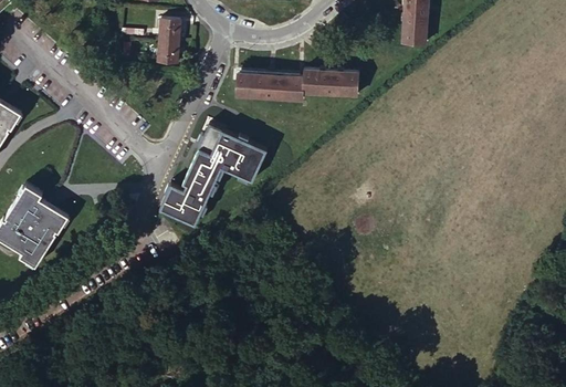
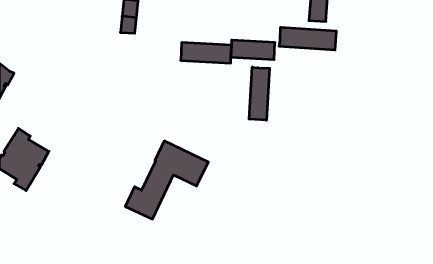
building: none -> [279,27,336,50]
building: none -> [249,67,270,120]
building: [157,123,265,224] -> [125,141,208,219]

